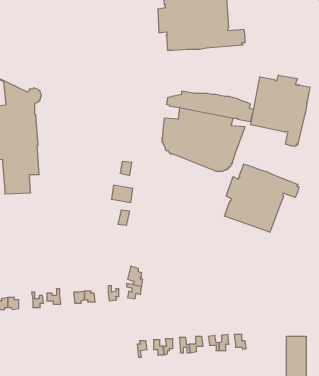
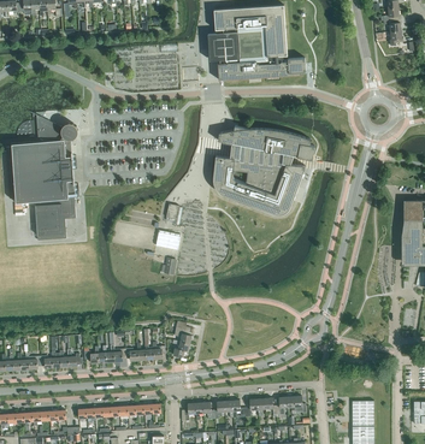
building: [251,75,310,146] -> none
building: [225,164,299,232] -> none

